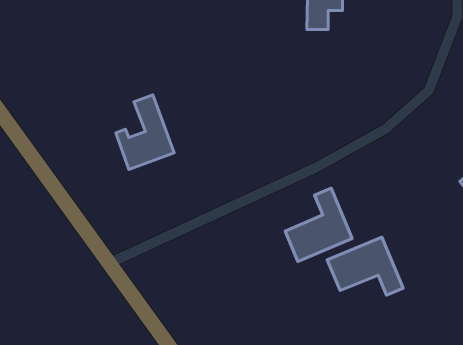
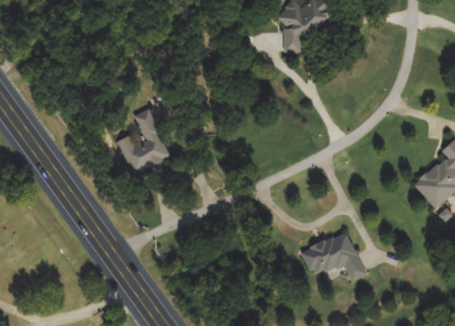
building: [285,188,352,261] -> none

